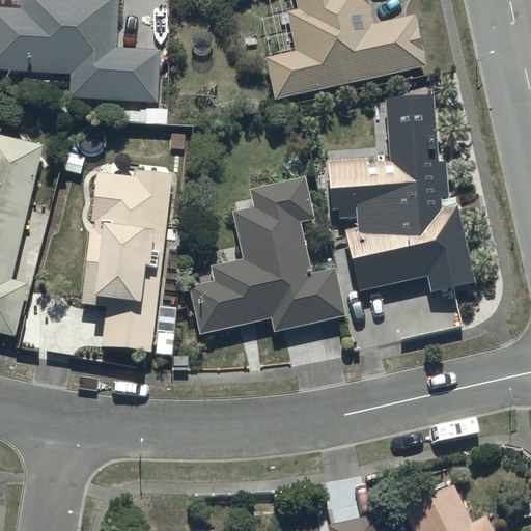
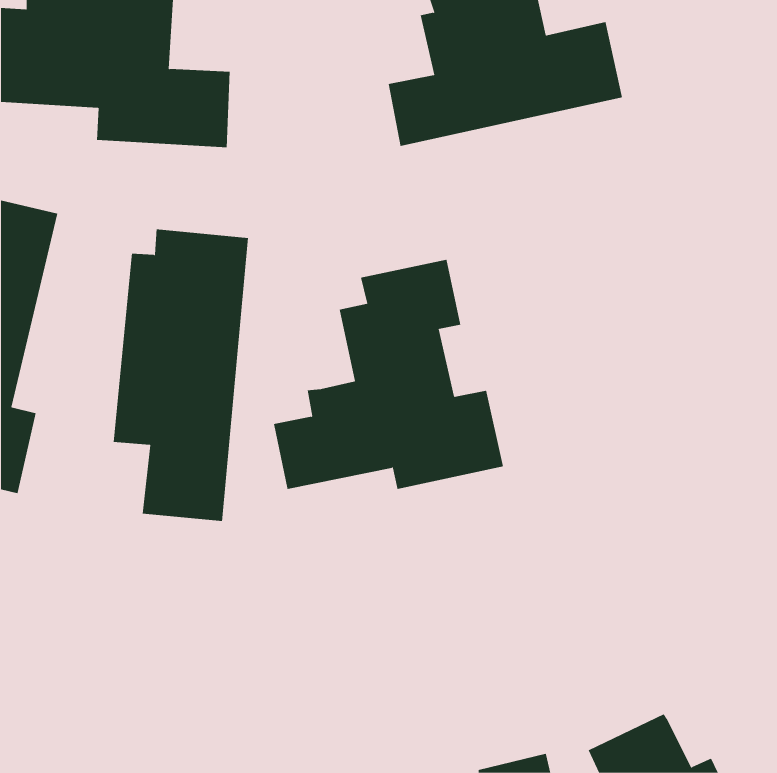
building: [325,95,473,291] -> none

